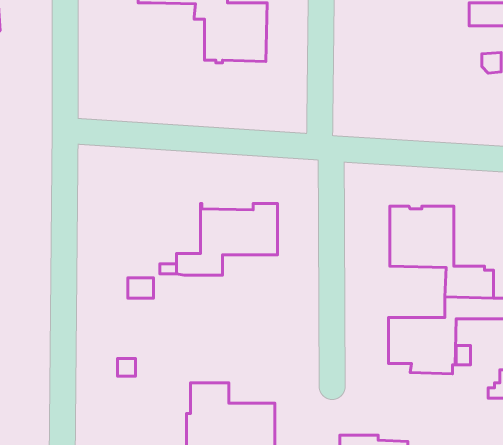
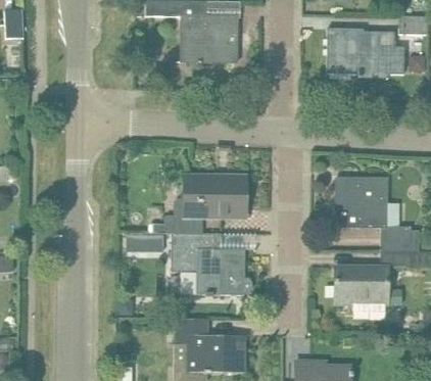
building: none -> [326,28,403,76]
building: none -> [171,233,244,294]

